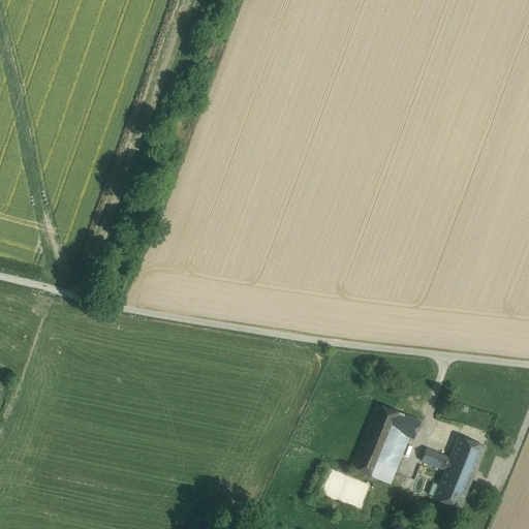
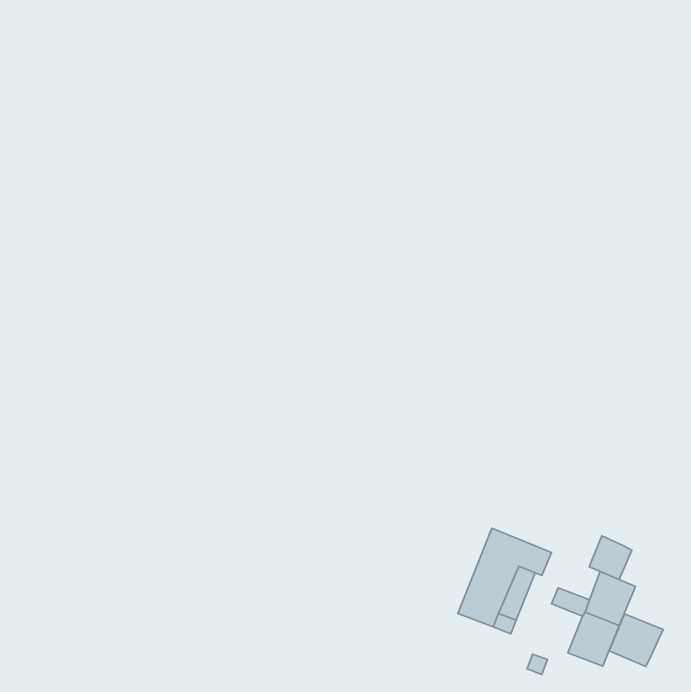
building: none -> [589,536,632,579]
building: none -> [609,614,663,666]

